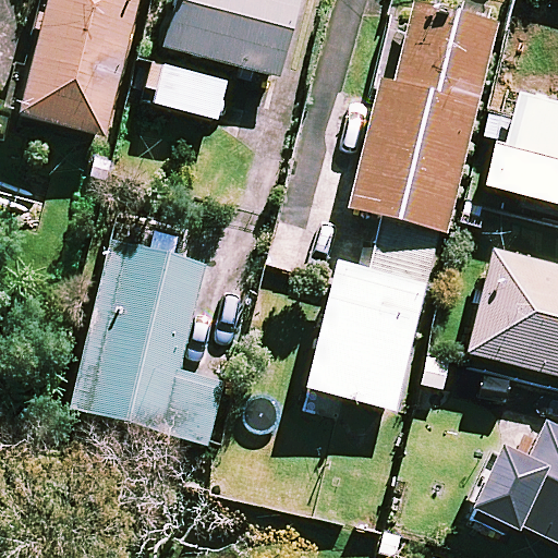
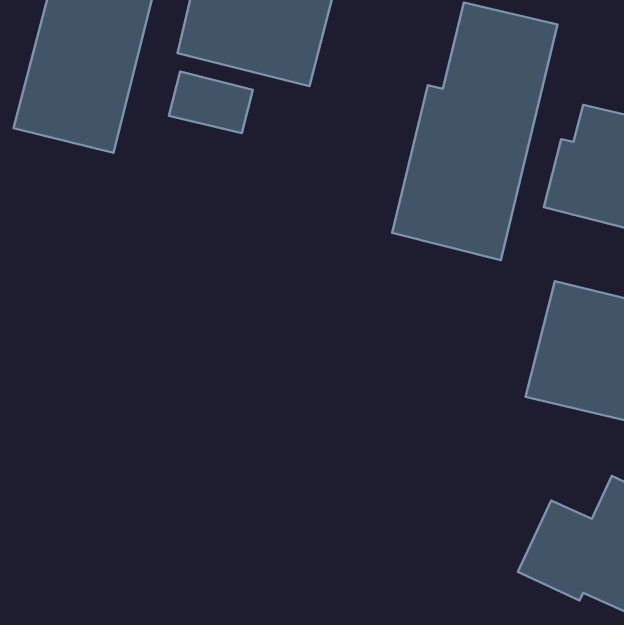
building: [307,229,437,408] -> none
building: [69,239,223,441] -> none

